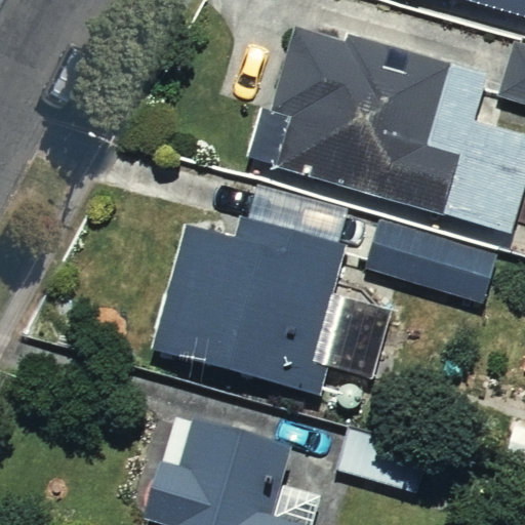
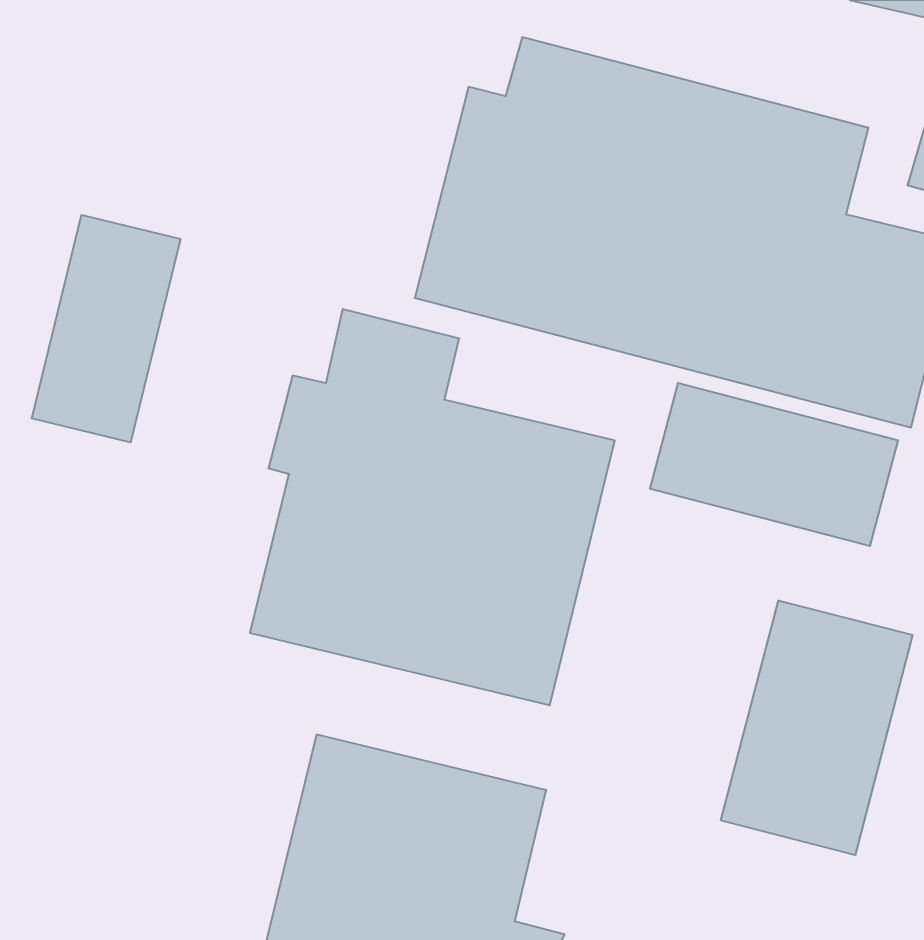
building: none -> [32,215,180,442]
building: none -> [721,600,913,855]

